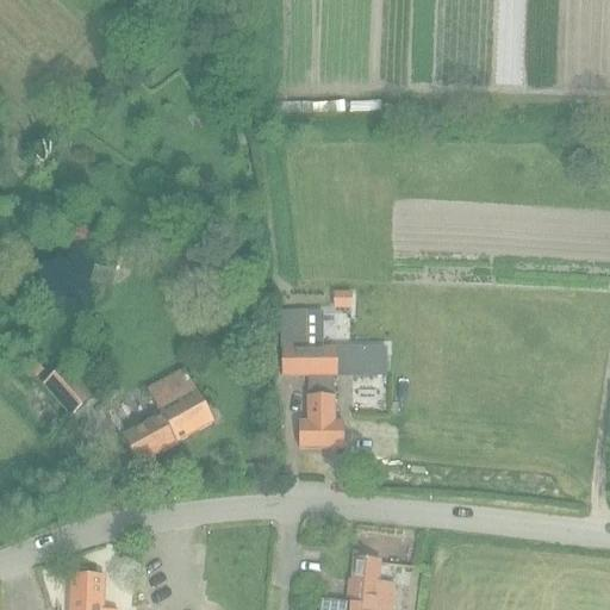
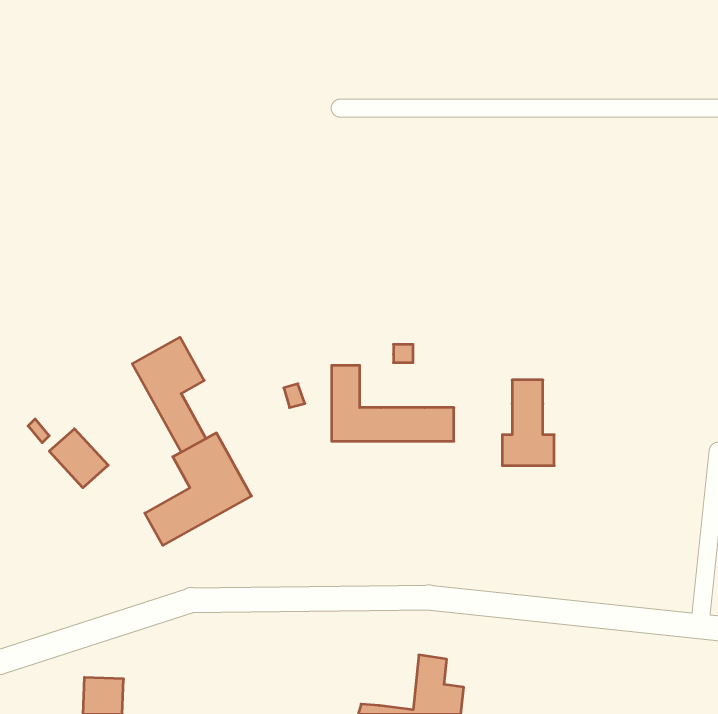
building: none -> [132,337,206,452]
building: [299,374,343,447] -> [502,380,554,466]

